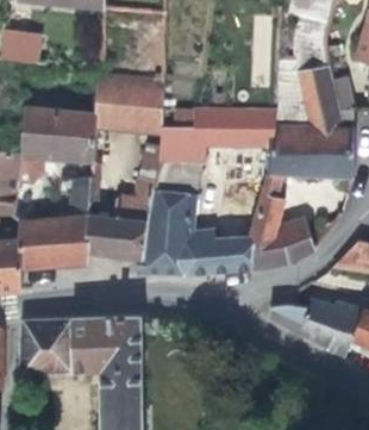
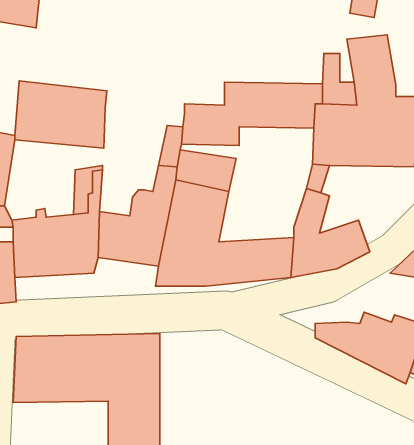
building: [95,75,164,133] -> none

